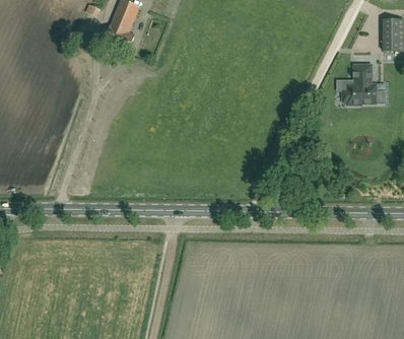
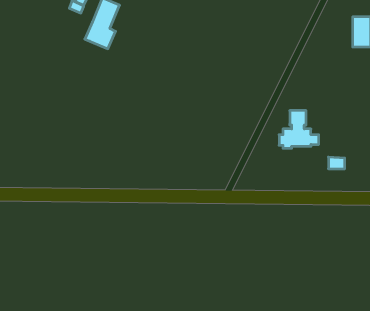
building: [343,65,385,105] -> [279,111,319,148]

